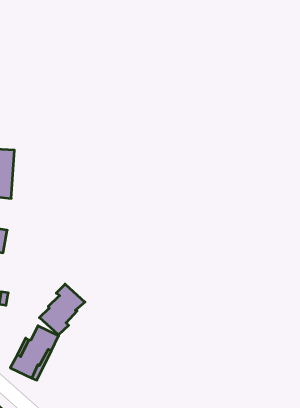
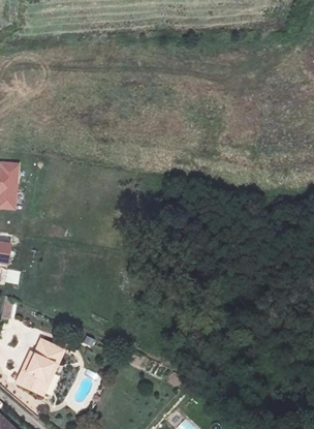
building: [39,284,85,335] -> none

